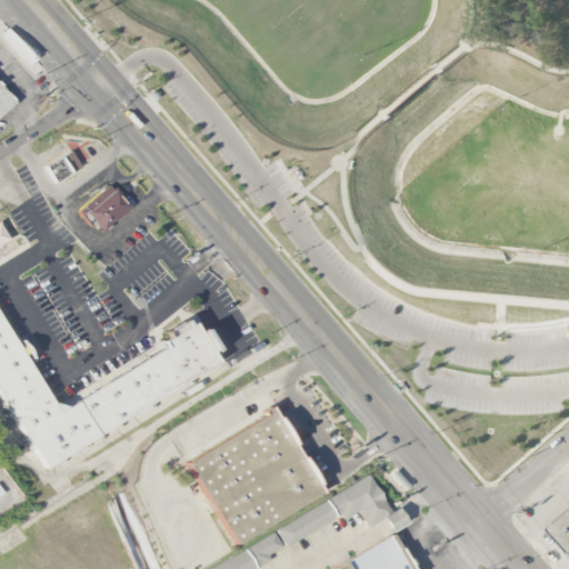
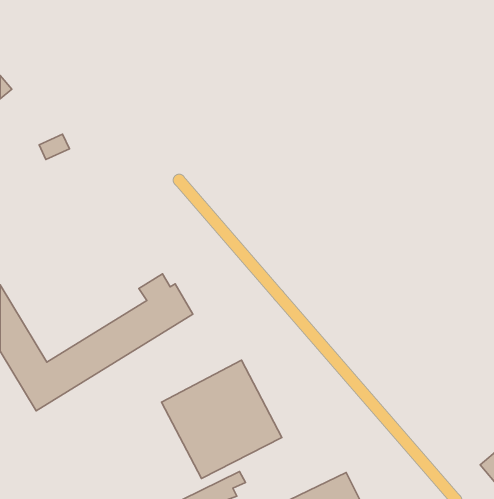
building: [86,183,137,233] -> none
building: [280,478,410,547] -> none

